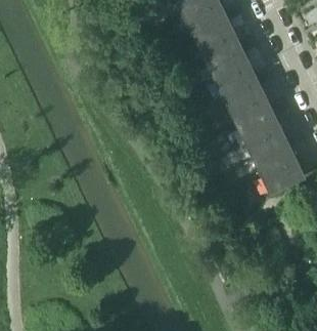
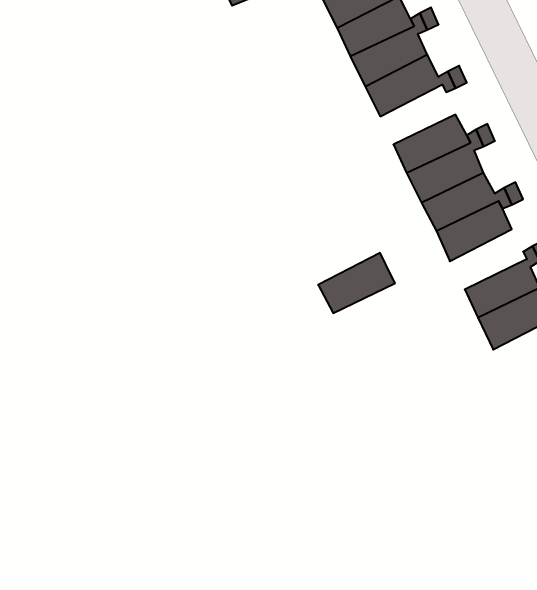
building: [209,49,250,82] -> none
building: [246,128,288,161] -> [318,253,395,313]

